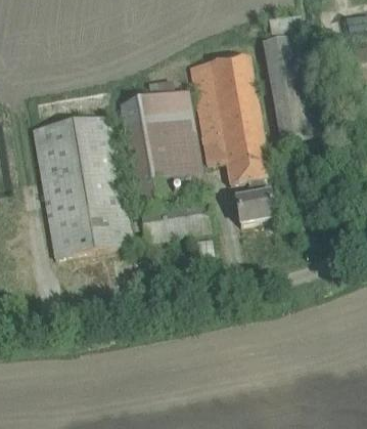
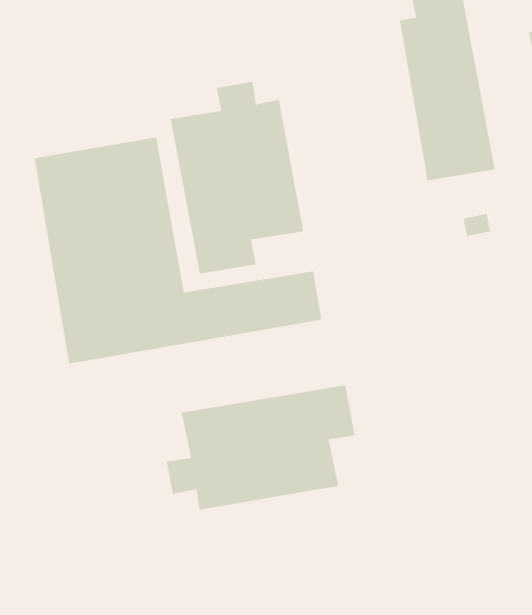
building: [191,54,274,224] -> none
building: none -> [166,384,355,511]

